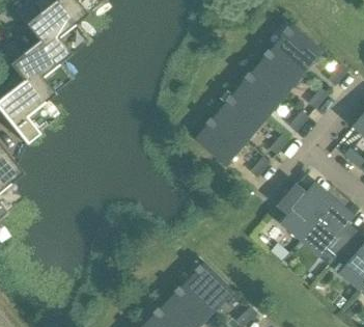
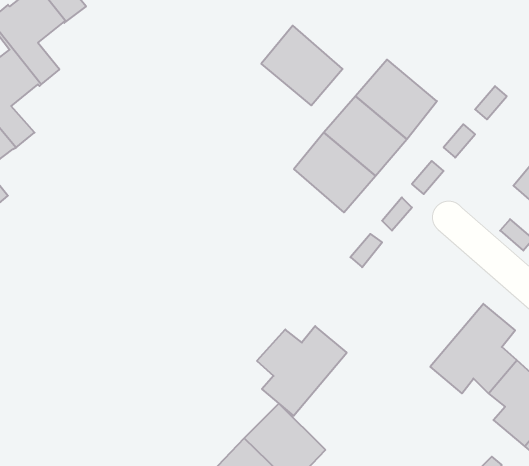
building: [274,23,325,73] -> [261,26,343,105]
building: [196,115,247,165] -> none
building: [278,183,334,239] -> [257,326,347,416]

